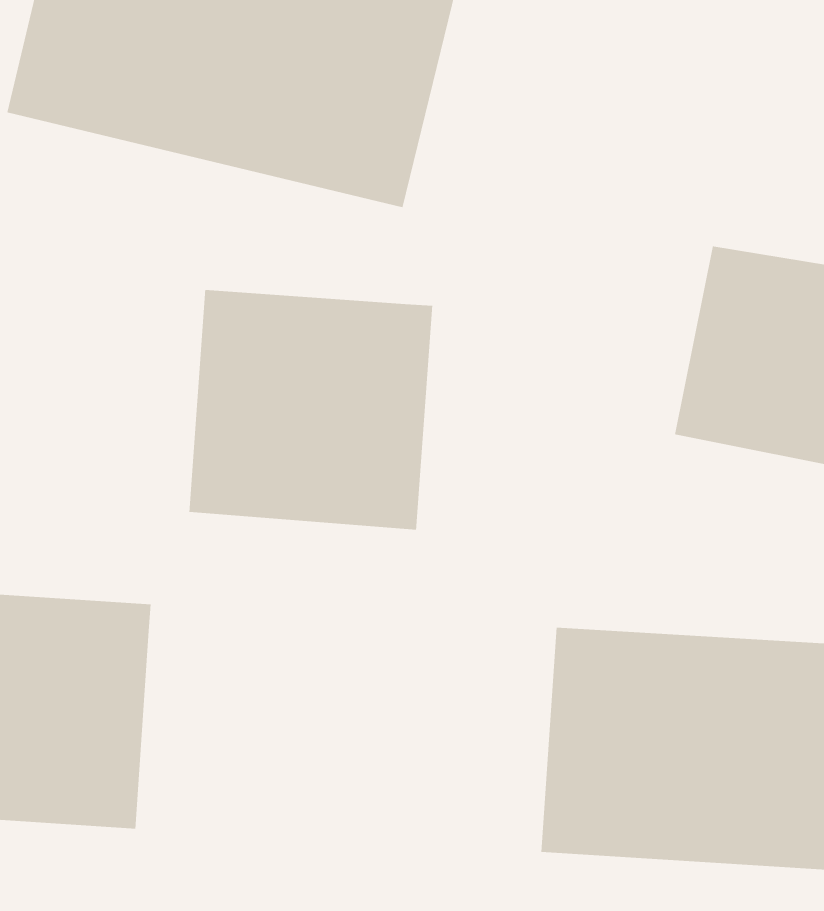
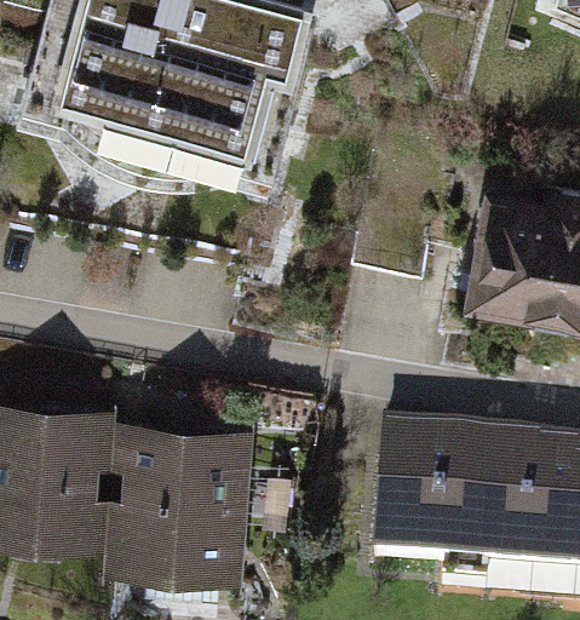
building: [189,289,433,531] -> none
building: none -> [111,430,254,591]

